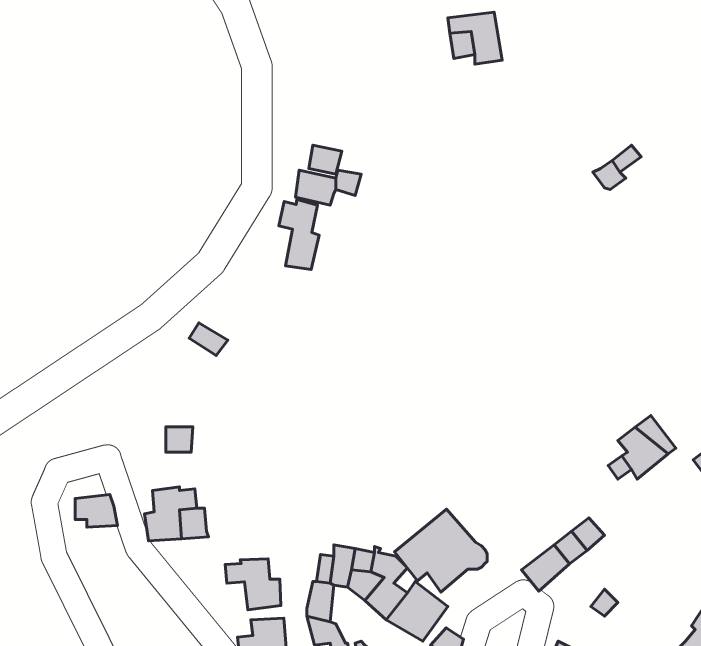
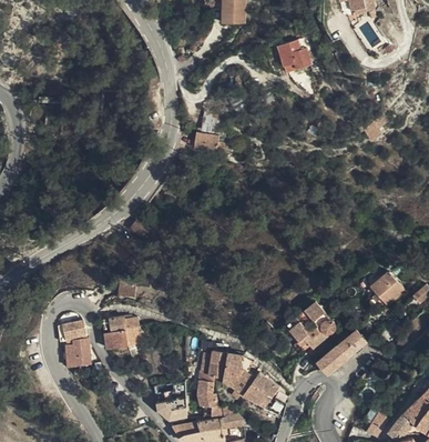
building: [279,199,319,270] -> none
building: [394,509,487,592] -> [287,301,340,349]
building: none -> [64,338,91,364]
building: [225,559,281,610] -> none

